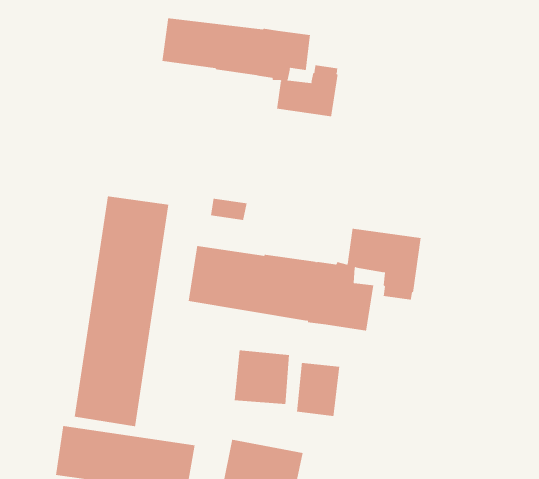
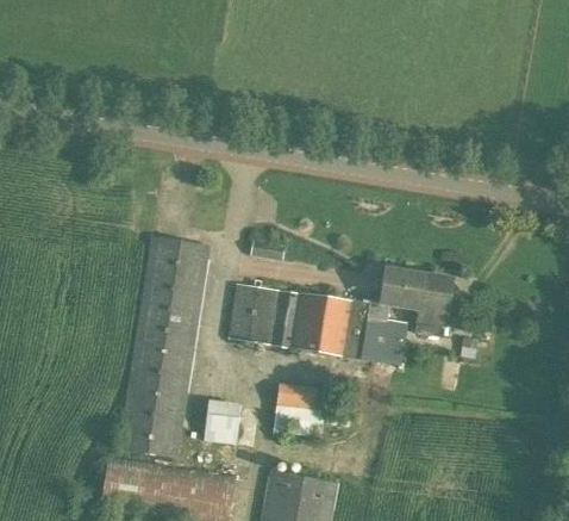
building: [162,17,338,117] -> none
building: [297,362,340,417] -> none
building: none -> [204,399,242,445]

